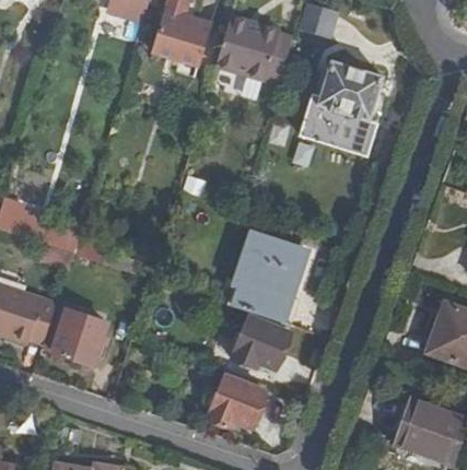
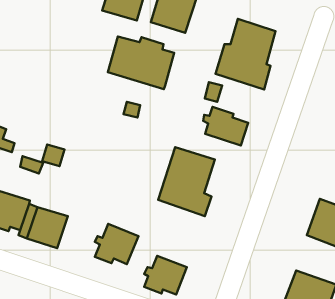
building: none -> [108,37,174,89]
building: none -> [203,107,248,146]
building: [234,316,292,369] -> [95,224,138,264]

